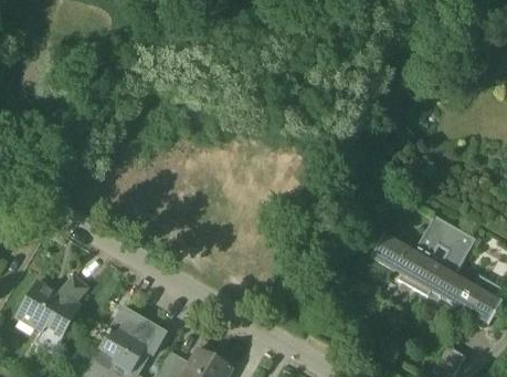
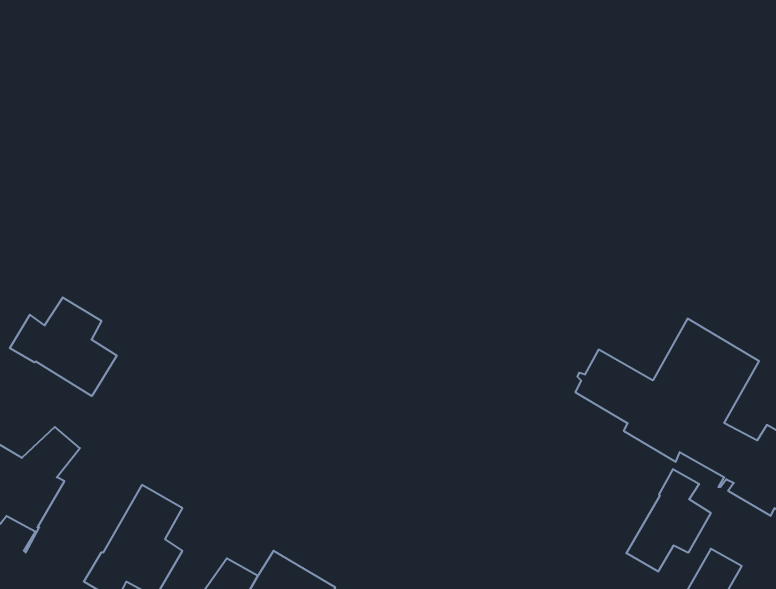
building: none -> [10,297,117,396]
building: none -> [626,469,711,572]

